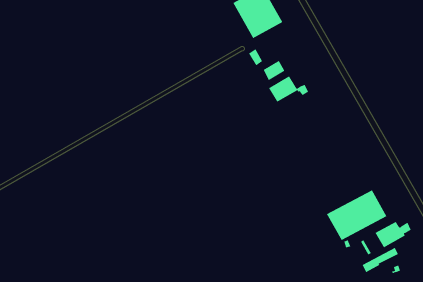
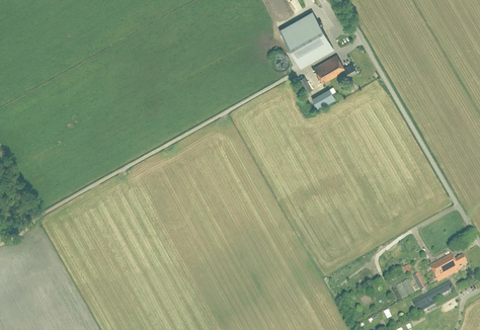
building: [268,75,309,103] -> [313,55,355,83]
building: [326,189,387,241] -> none

